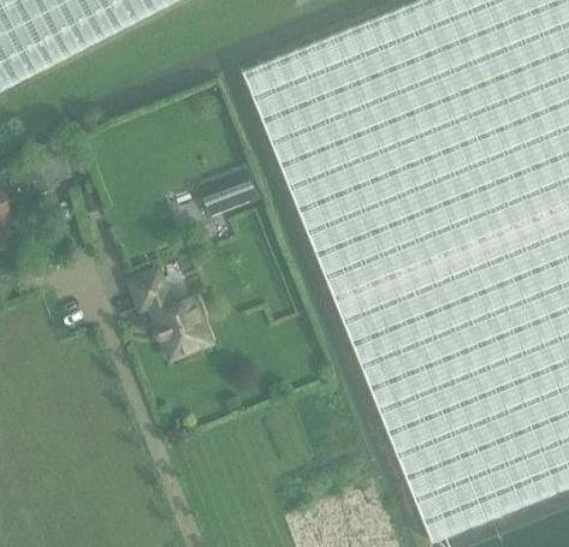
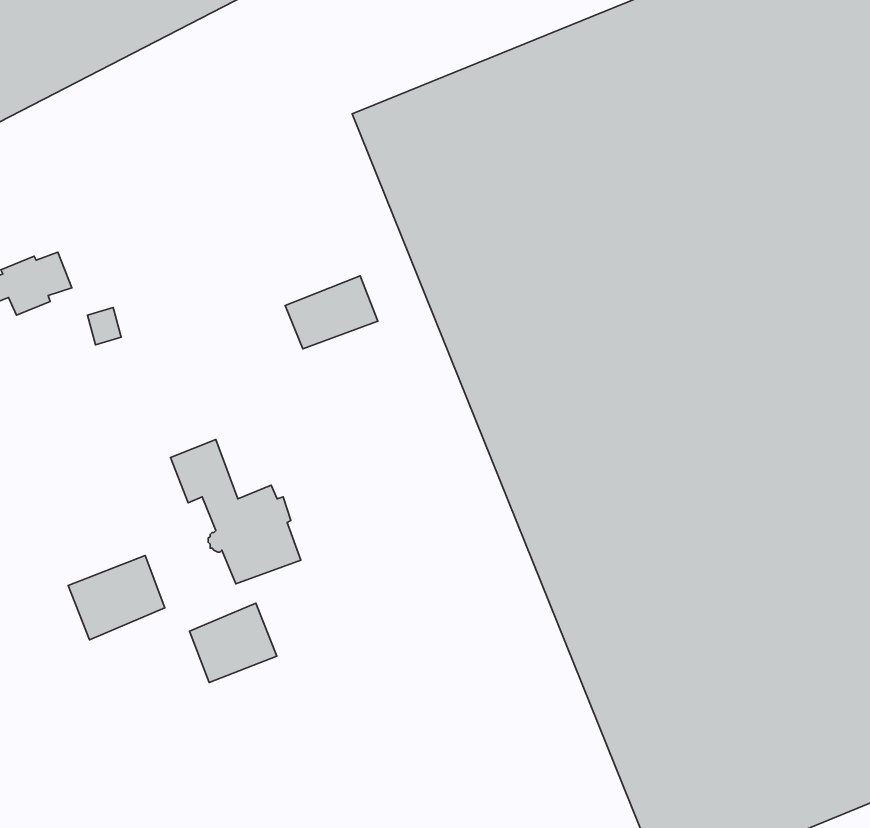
building: none -> [68,555,165,640]
building: none -> [190,603,277,683]

